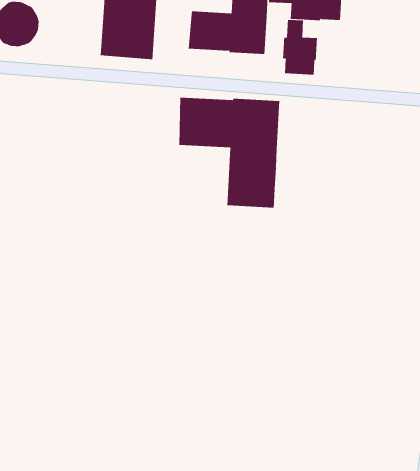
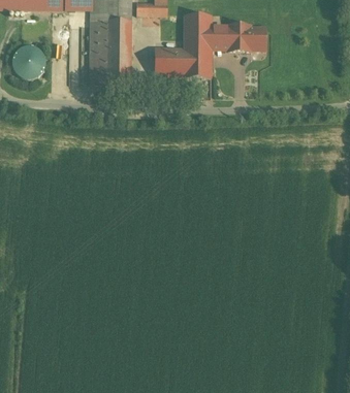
building: [283,19,318,76] -> none
building: [179,97,280,209] -> none

